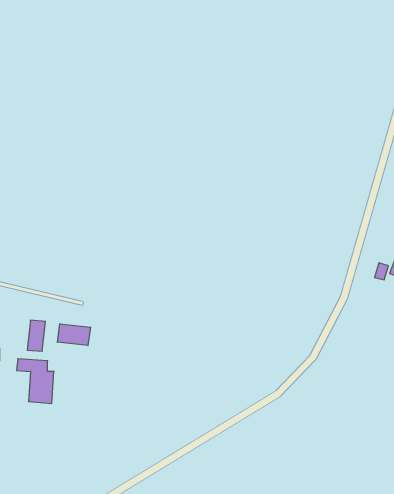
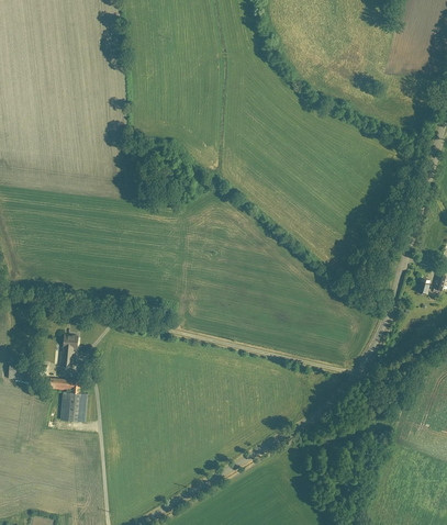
building: [57,324,90,346] -> none

